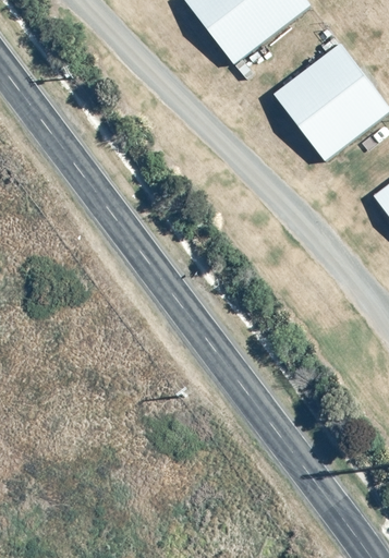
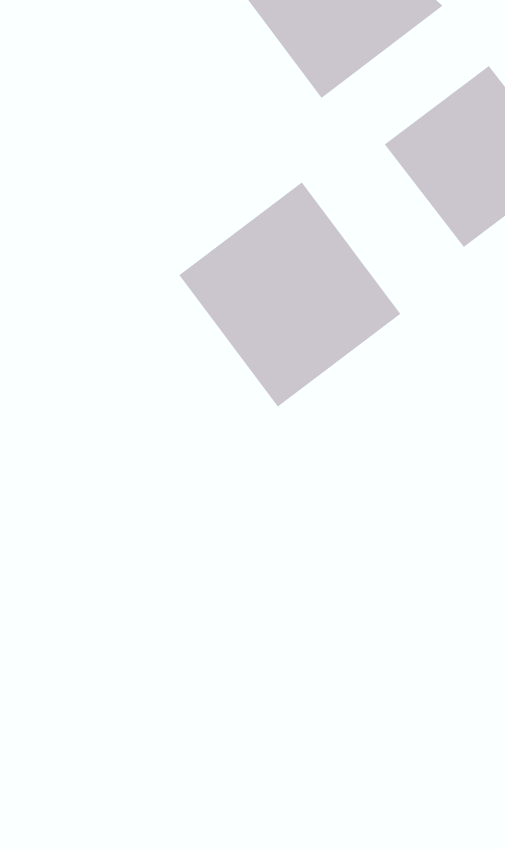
building: none -> [179,181,401,408]

